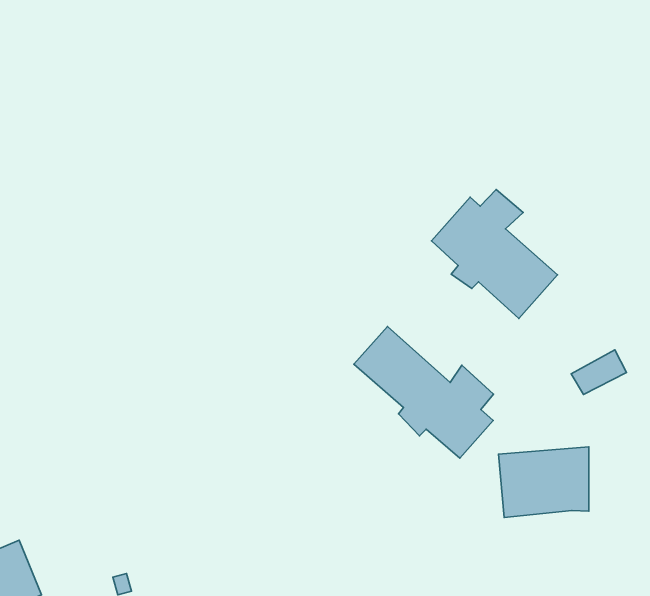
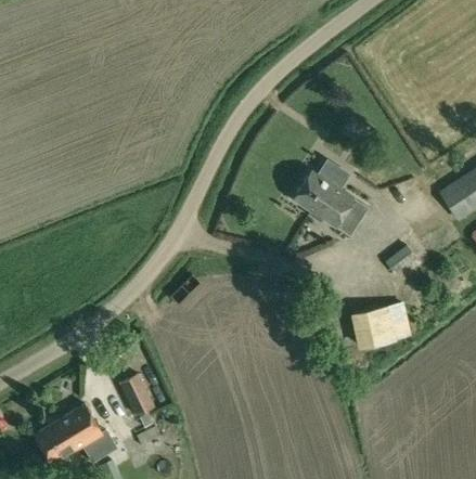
building: [354,326,493,458] -> none
building: none -> [121,375,156,415]

